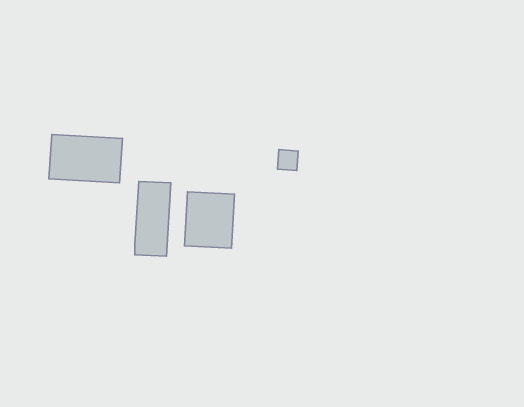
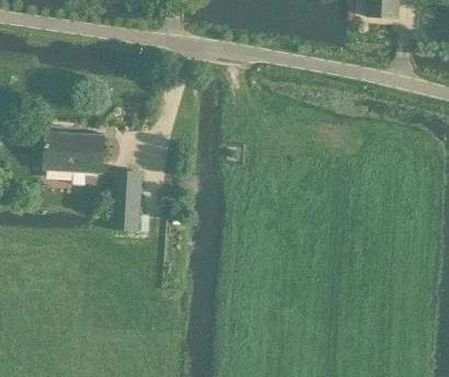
building: [184,192,234,248] -> none

